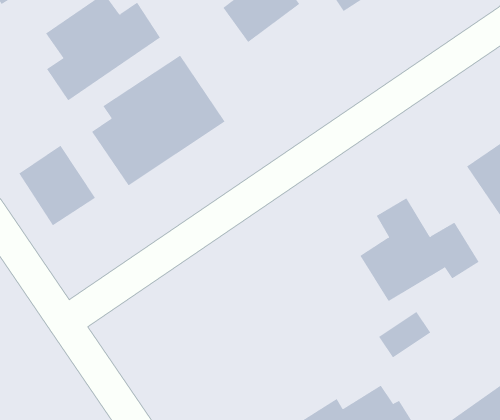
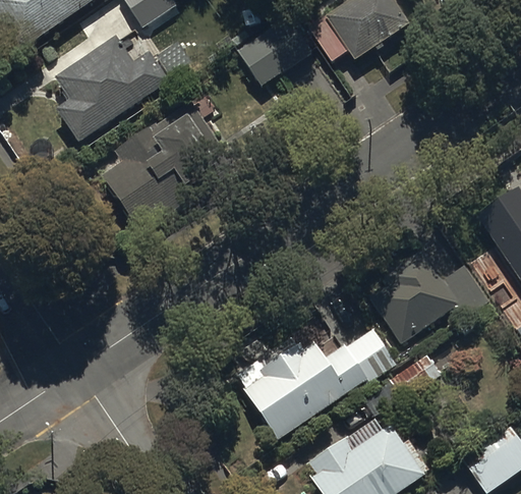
building: [18,145,96,226] -> none
building: none -> [239,330,397,442]

